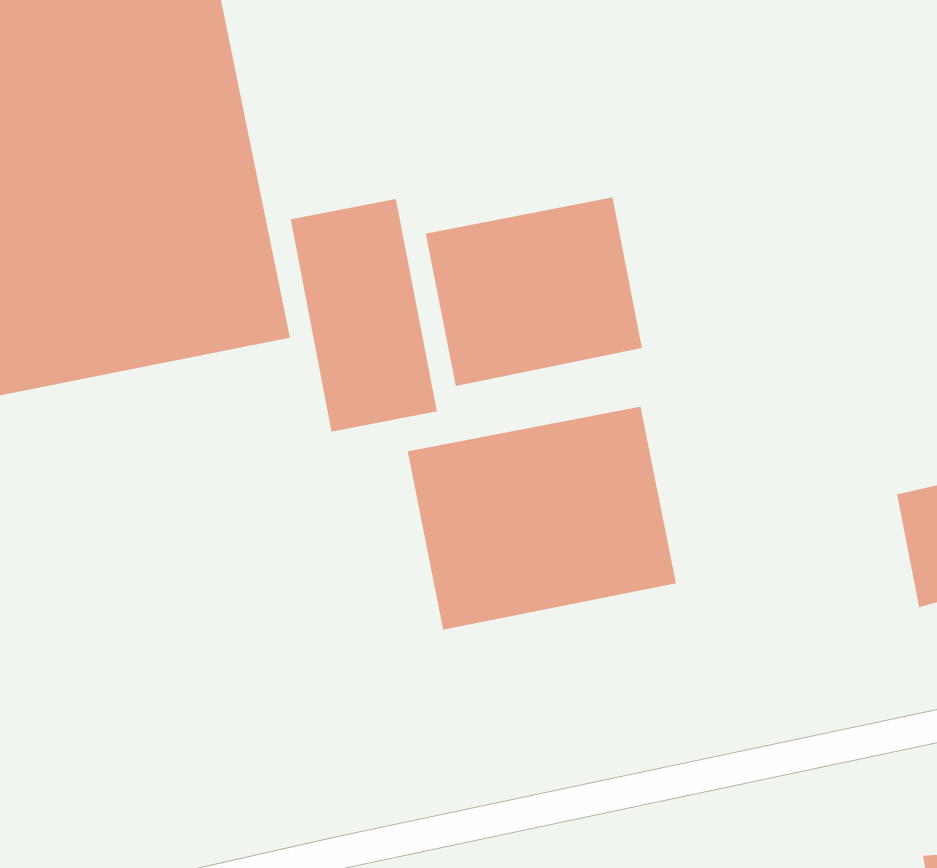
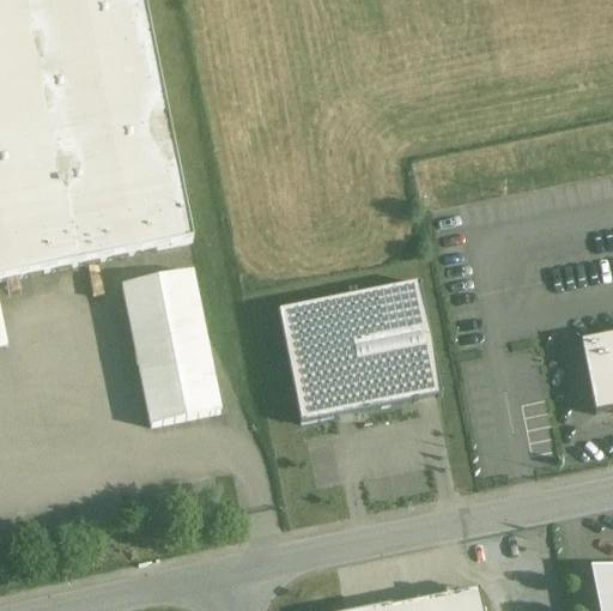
building: [425,196,643,387] -> none
building: [290,198,438,432] -> [122,271,217,421]

